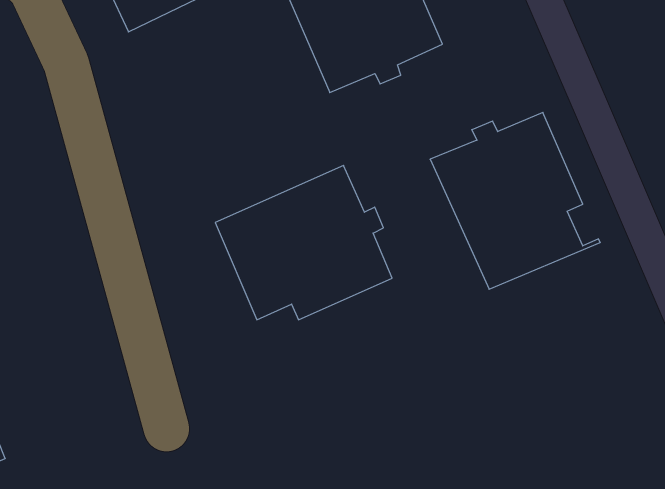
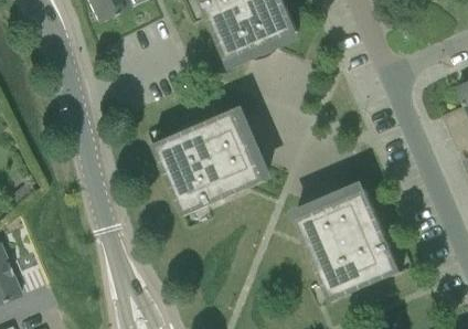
building: [430,112,600,289] -> [295,188,403,300]

